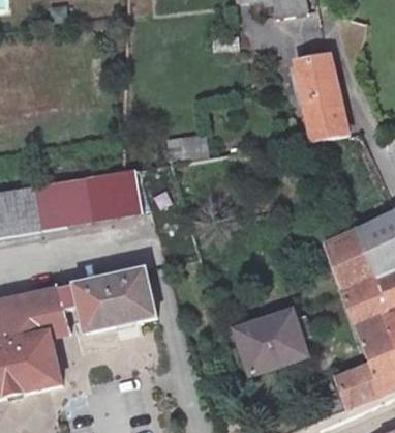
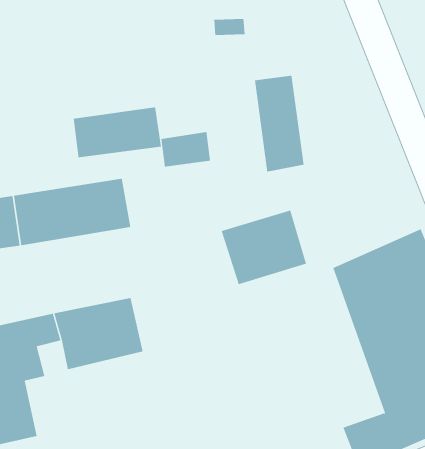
building: [291,61,333,143] -> [254,75,305,172]
building: none -> [73,106,162,158]
building: [237,310,309,373] -> [221,210,307,285]

